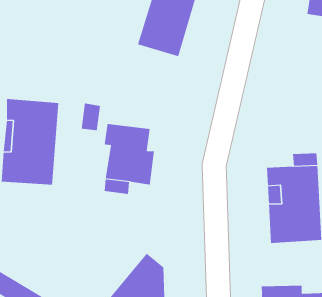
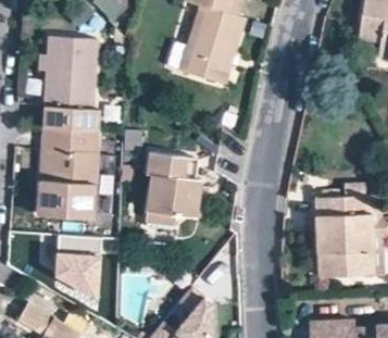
building: none -> [43,36,99,130]
building: none -> [57,234,102,298]

